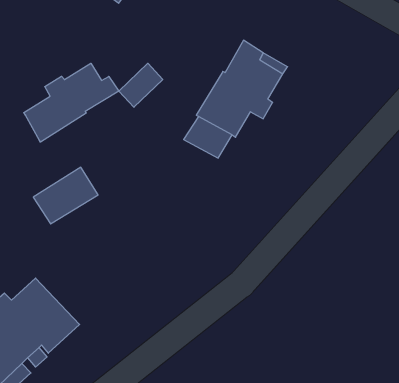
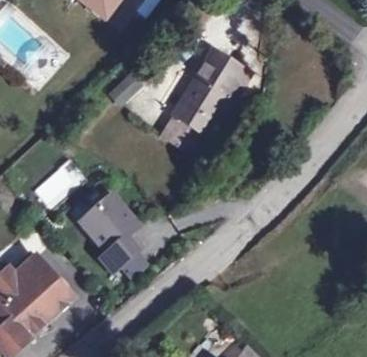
building: [24,63,119,142] -> none
building: none -> [80,193,138,270]

